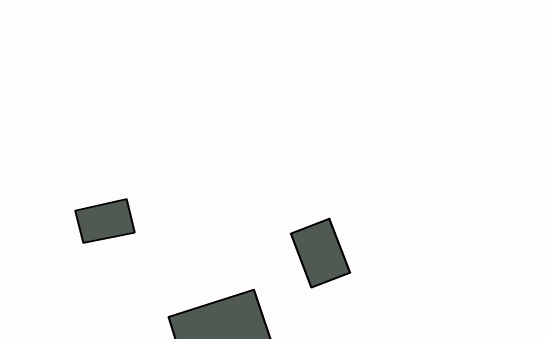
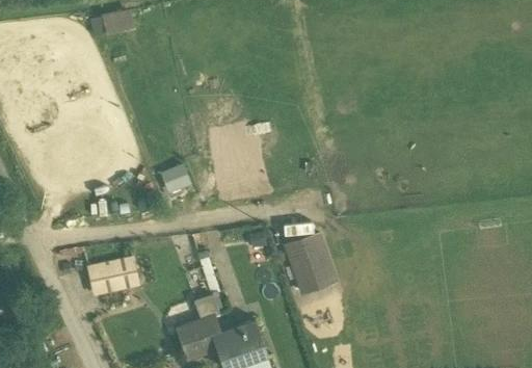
building: none -> [161,163,191,193]
building: [75,199,135,243] -> [86,256,140,295]

